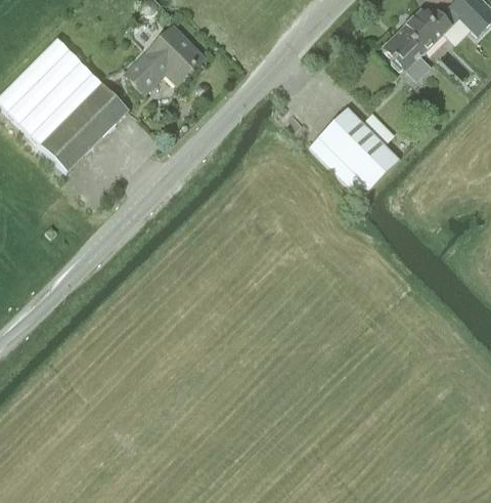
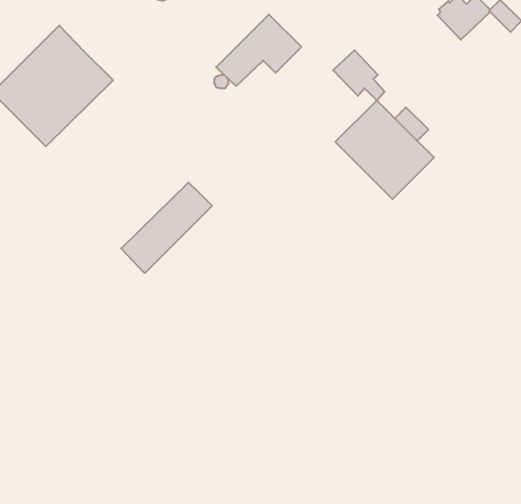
building: [126,26,204,91] -> [216,14,301,86]
building: [383,29,430,75] -> [333,50,385,100]
building: [45,88,128,171] -> [121,182,212,273]

